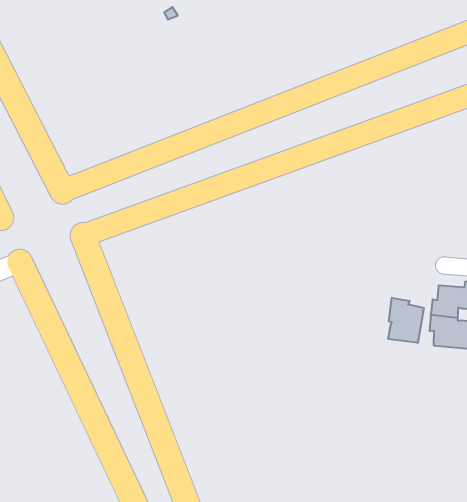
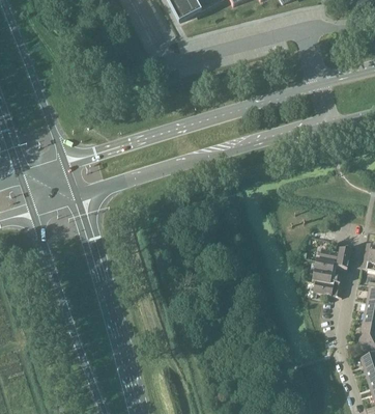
building: [388,298,424,343] -> none

